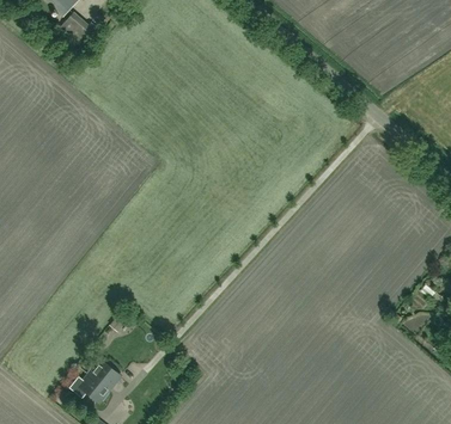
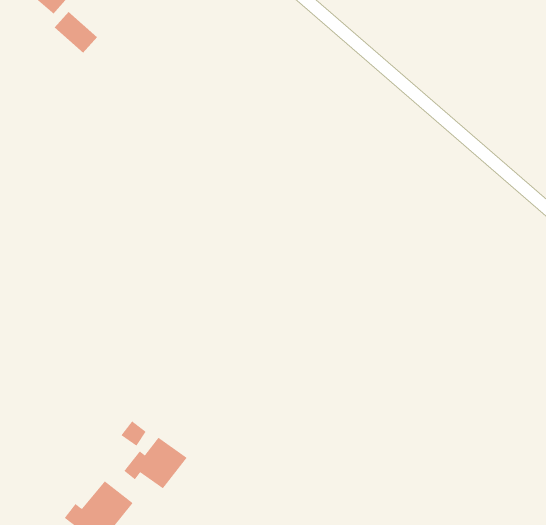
building: none -> [123,437,187,489]

